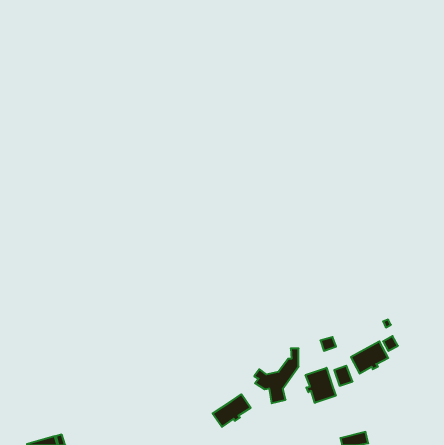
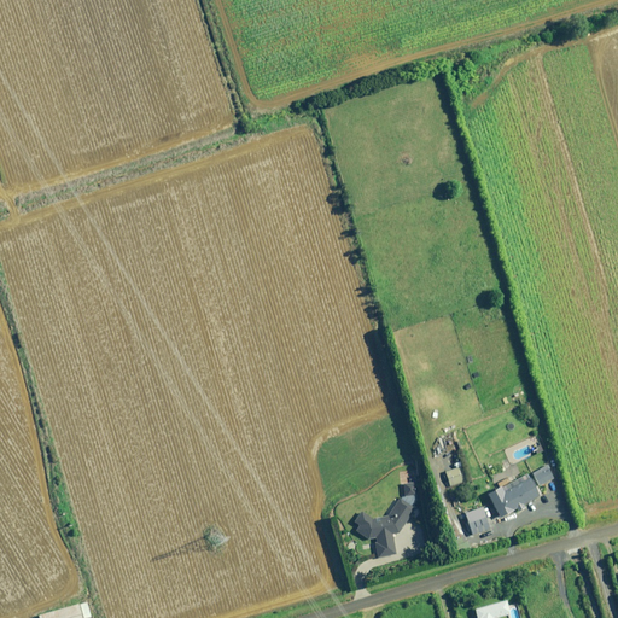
building: [306,368,336,403] -> none
building: [213,394,251,427] -> none

